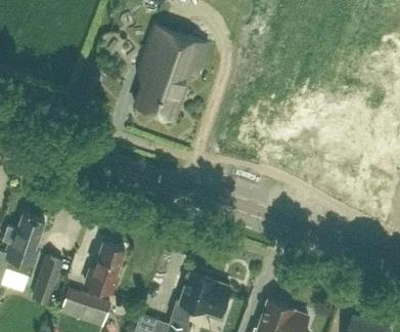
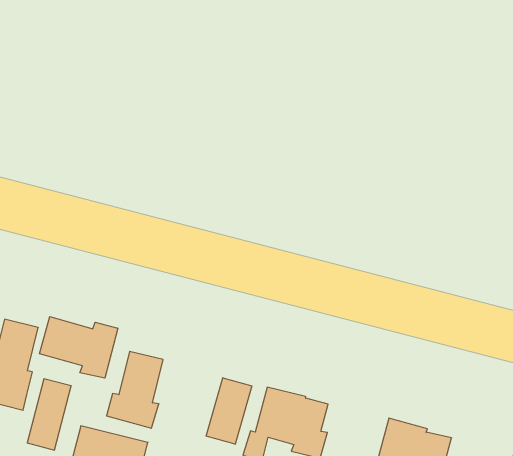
building: [135,26,208,119] -> none
building: none -> [39,317,118,378]
building: none -> [206,378,252,444]

